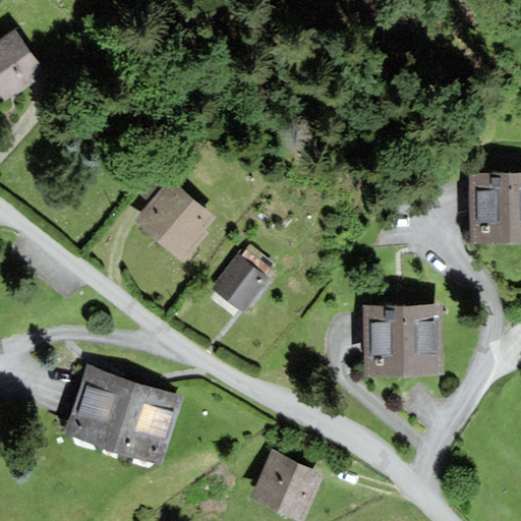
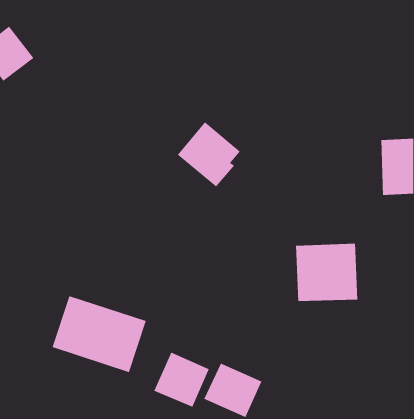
building: [133,180,213,263] -> [177,121,241,188]
building: [209,256,266,312] -> none
building: none -> [153,352,210,408]

